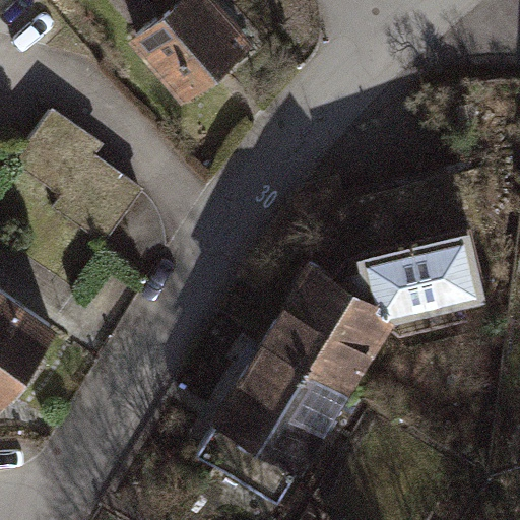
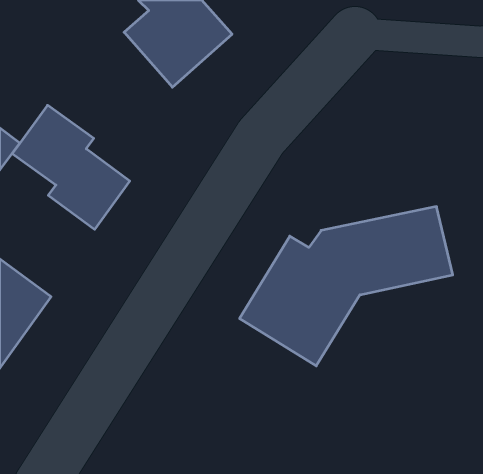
building: [195,352,339,504] -> none

